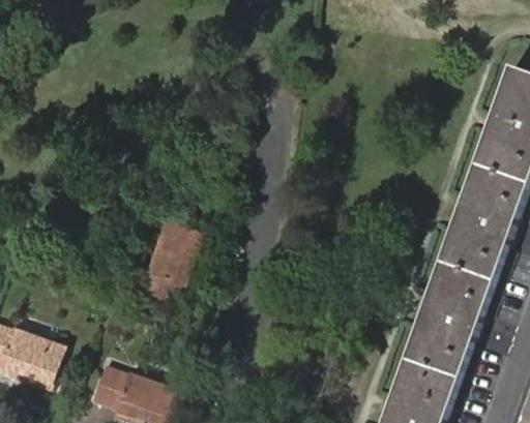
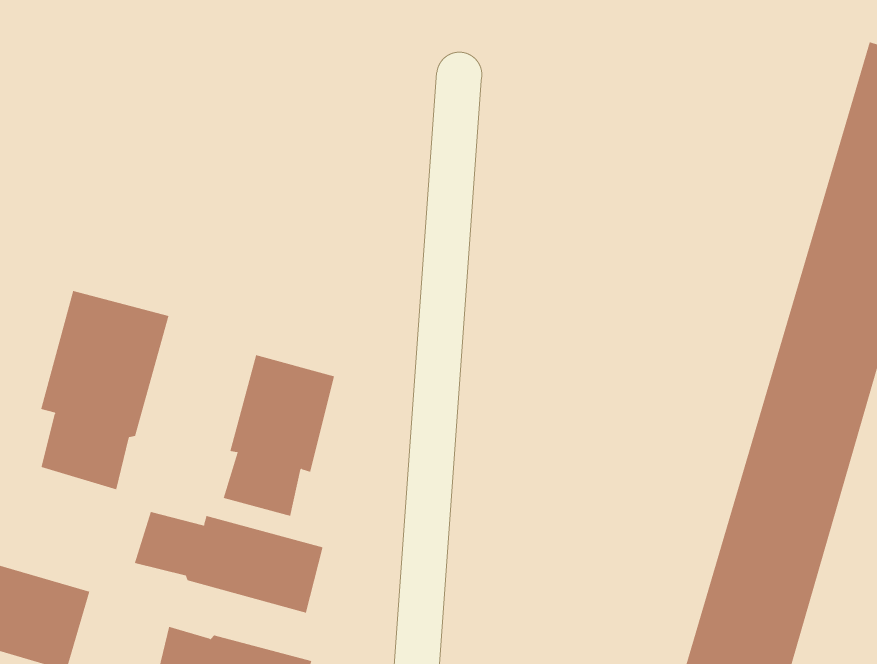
building: none -> [41,290,169,490]
building: none -> [134,511,323,614]

